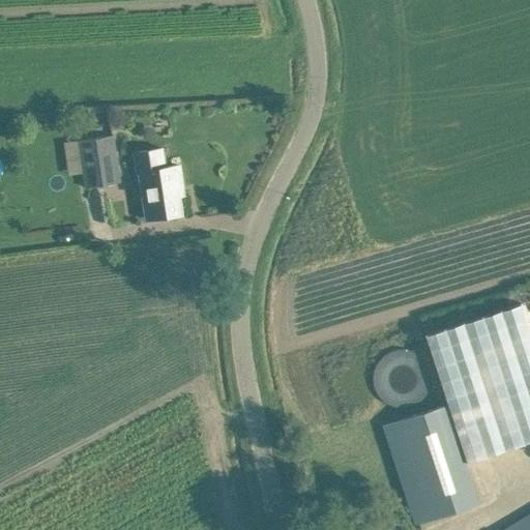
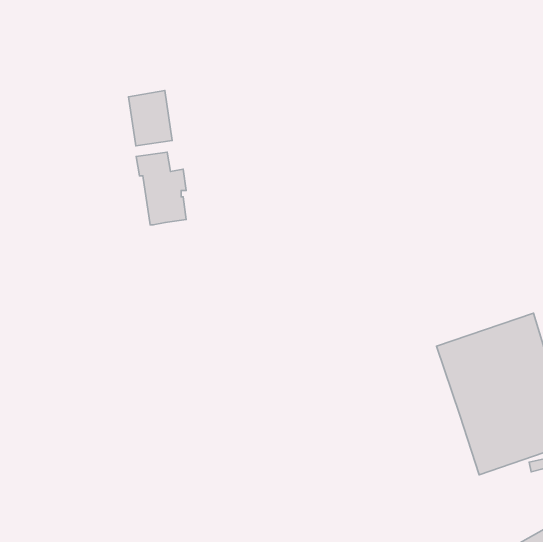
building: [79,136,121,189] -> [128,90,172,146]
building: [384,406,480,525] -> none

